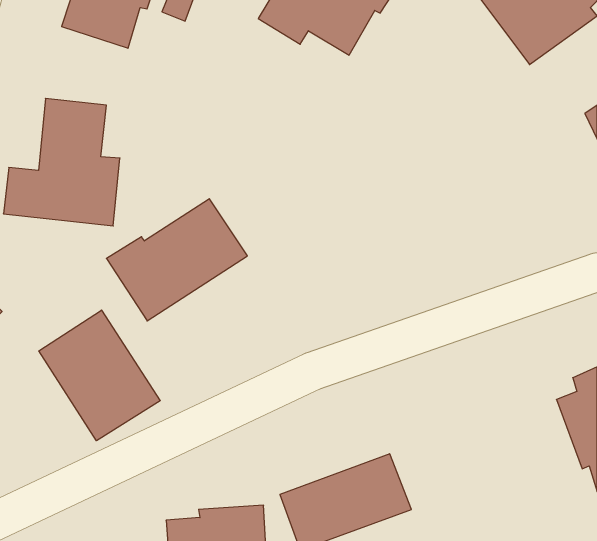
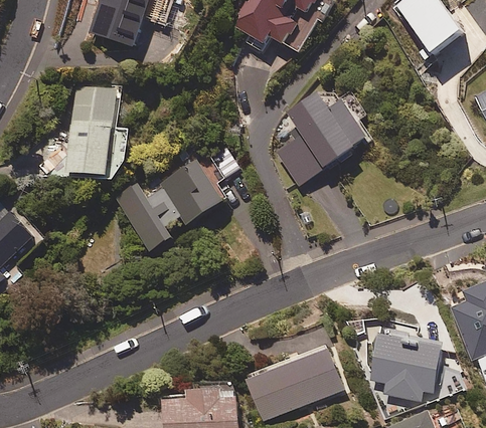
building: none -> [272,91,369,186]
building: [39,310,160,441] -> none
building: none -> [369,331,443,401]

